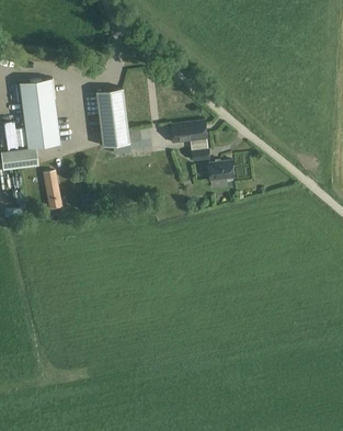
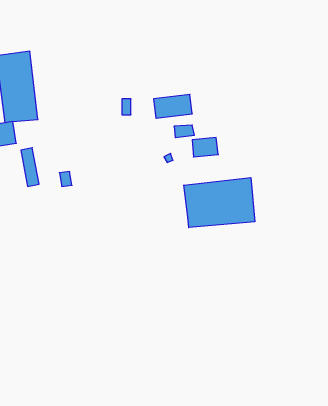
building: [95,89,129,147] -> none
building: none -> [184,178,255,228]

